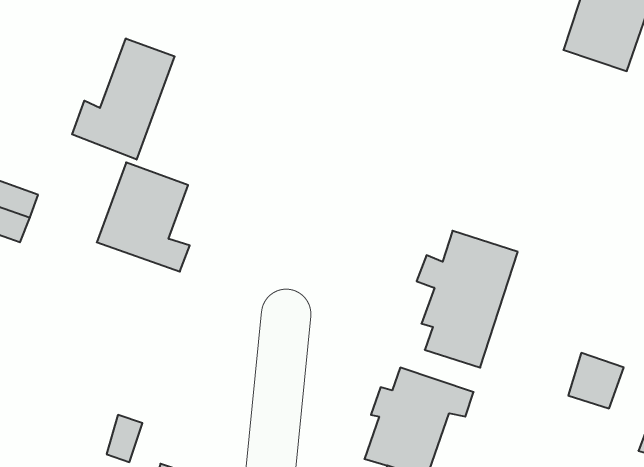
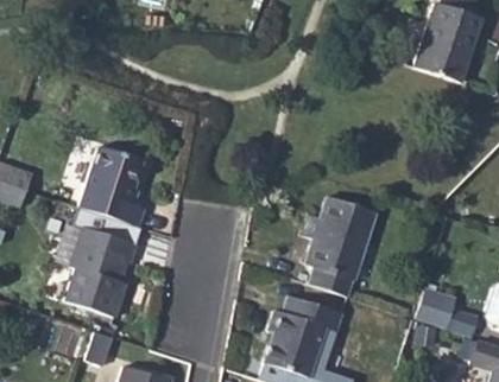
building: [72,38,175,160] -> none
building: none -> [65,205,141,320]

